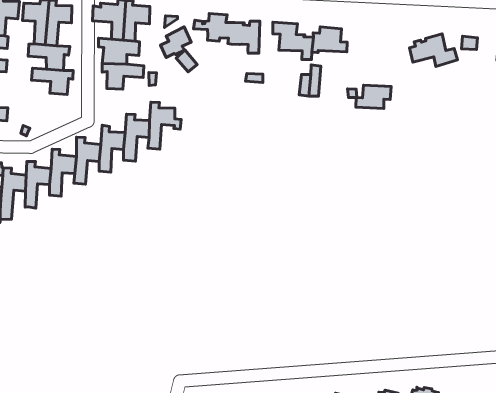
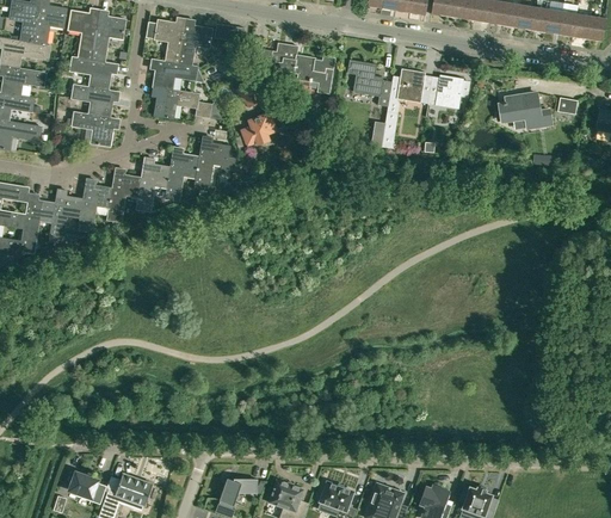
building: [161,27,191,57] -> [242,112,277,144]
building: [356,85,391,109] -> [428,78,470,106]
building: none -> [72,112,119,146]

